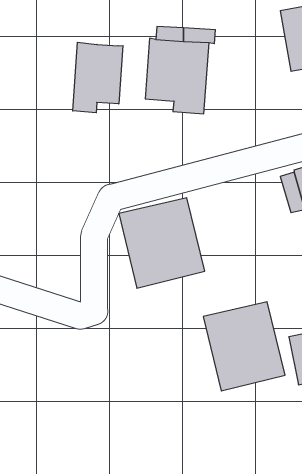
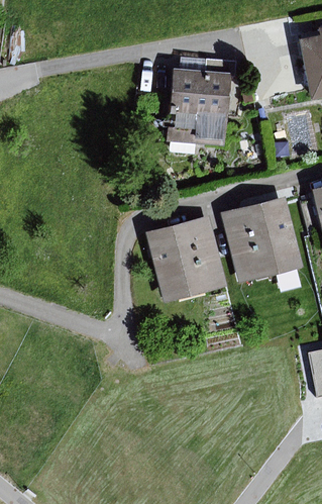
building: [73,42,123,113] -> none
building: [203,302,285,391] -> [225,198,303,283]

